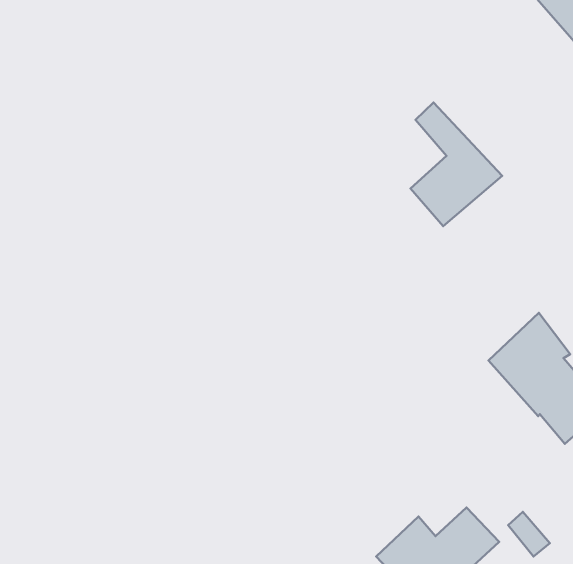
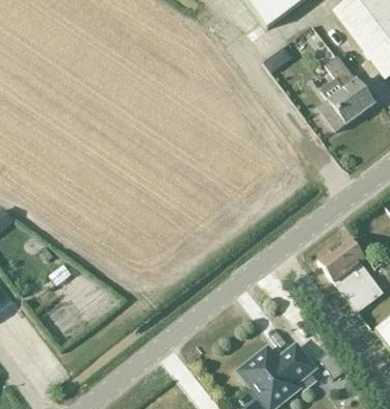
building: [410,103,502,226] -> [319,56,374,130]

